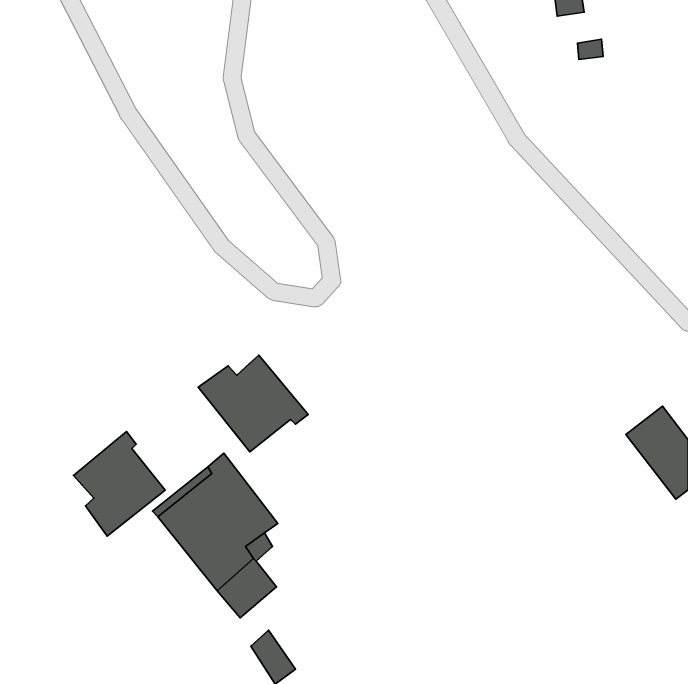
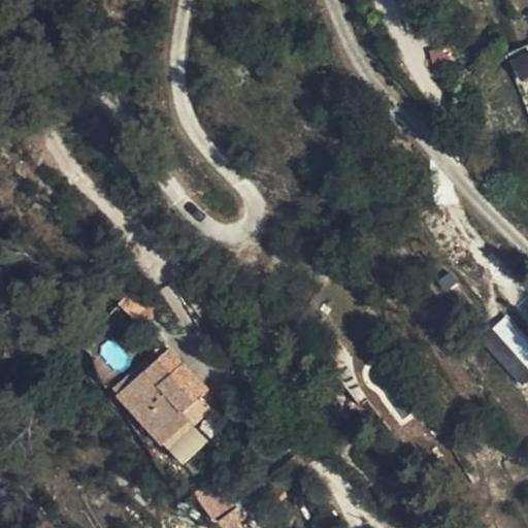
building: [198,355,308,452] -> none
building: [73,431,165,536] -> none

